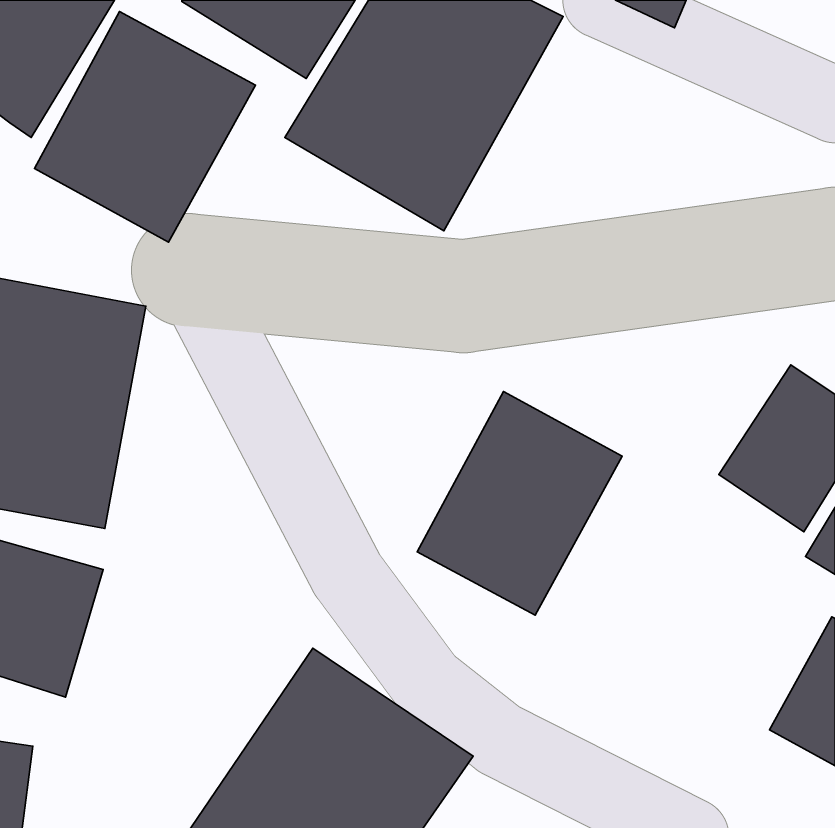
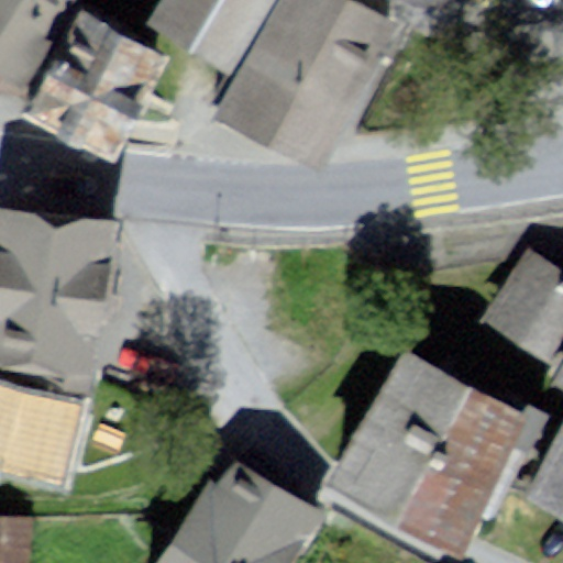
building: [417,392,622,615] -> none
building: none -> [328,350,536,558]

